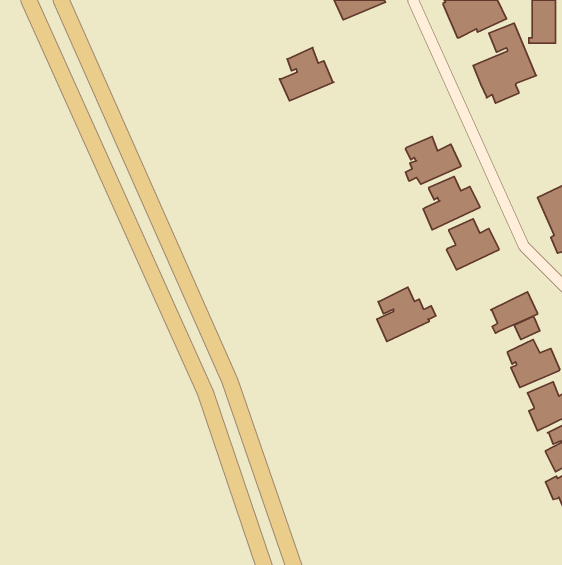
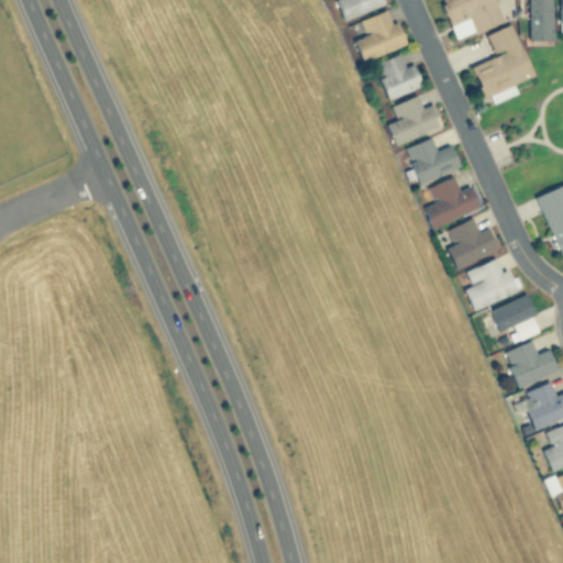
building: [279,48,334,101] -> [355,10,409,63]
building: none -> [375,54,424,101]
building: none -> [388,96,445,146]
building: [377,287,436,341] -> [466,258,525,312]

